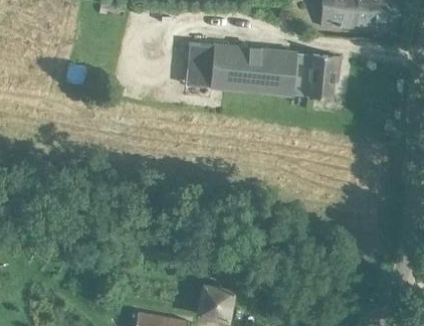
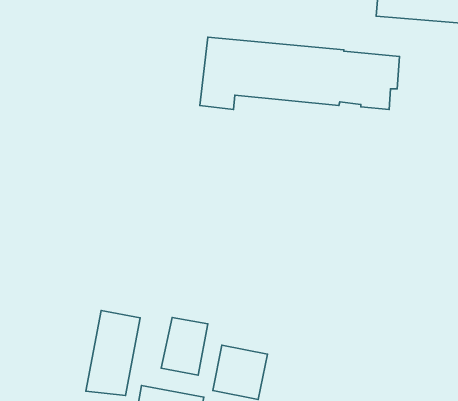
building: none -> [86,310,140,396]
building: none -> [161,317,208,375]

